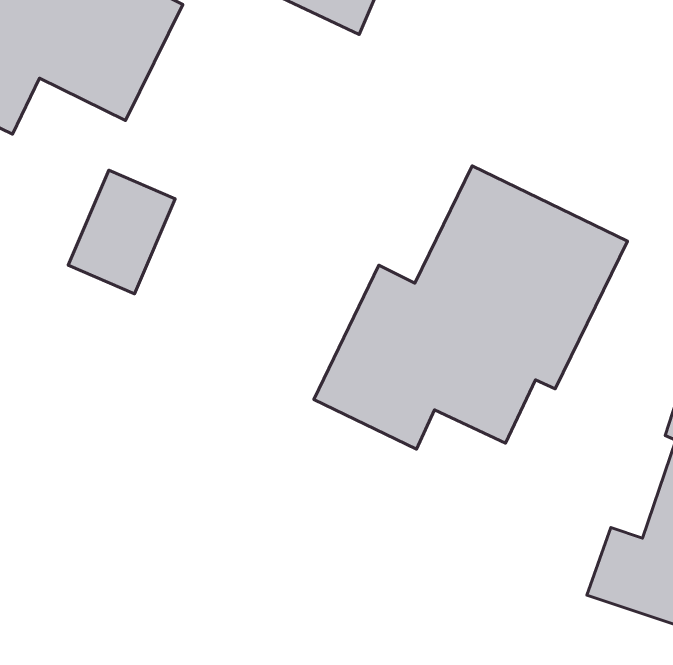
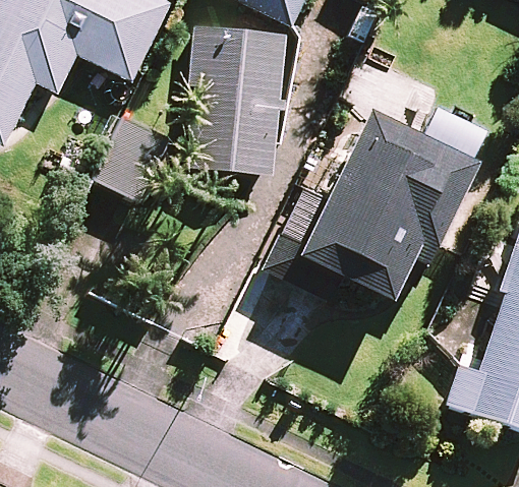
building: none -> [190,19,290,174]

